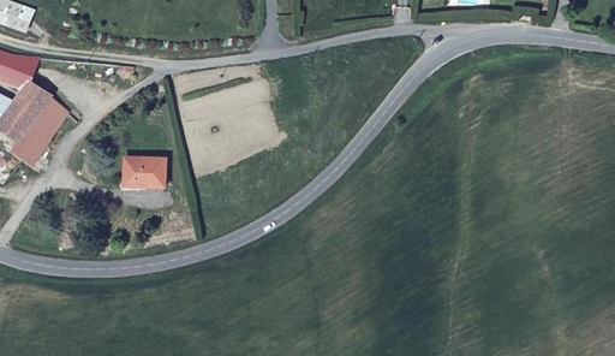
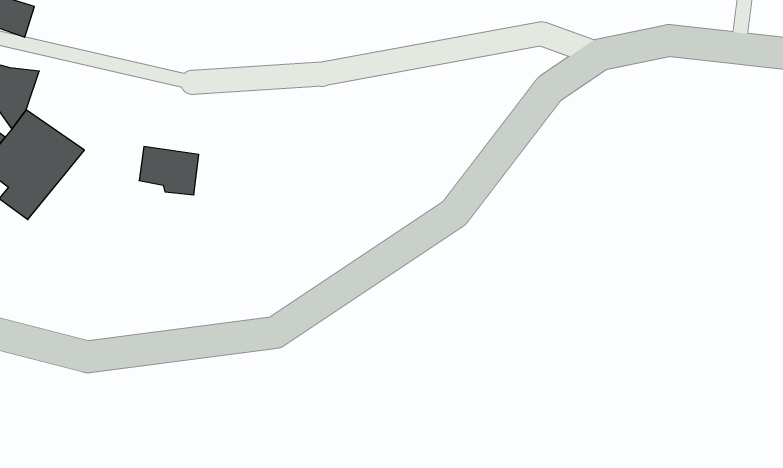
building: [121,155,166,191] -> [139,147,199,195]

